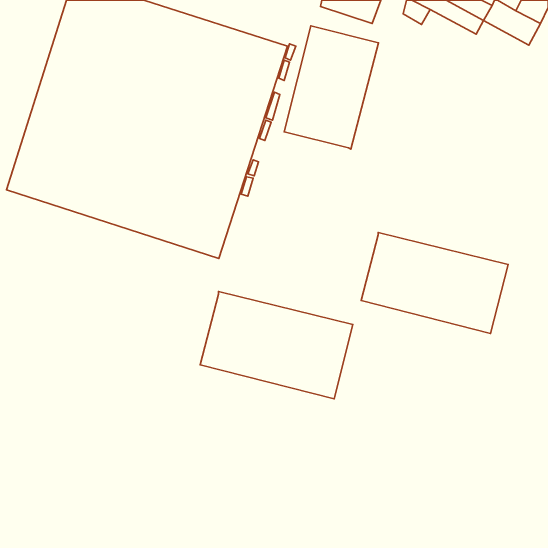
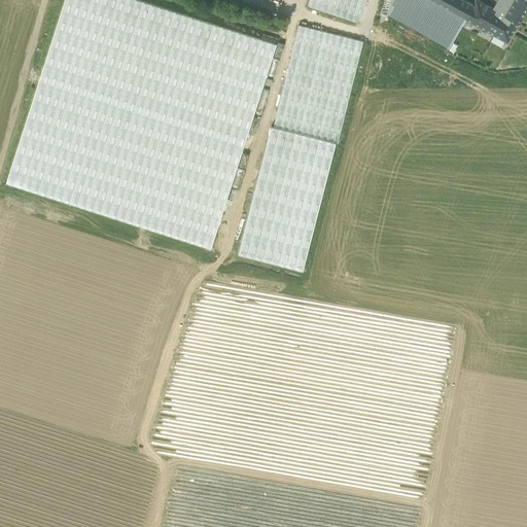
building: none -> [405,9,457,47]
building: none -> [238,127,335,270]
building: [361,232,508,333] -> none
building: [200,292,353,399] -> none

